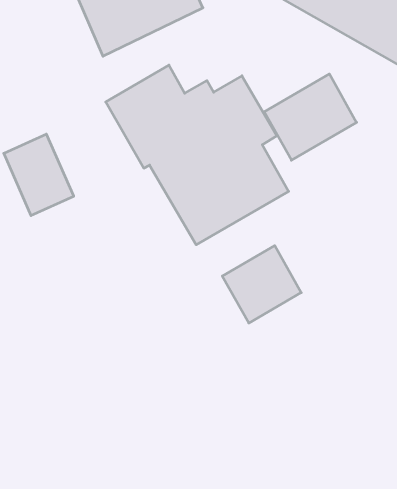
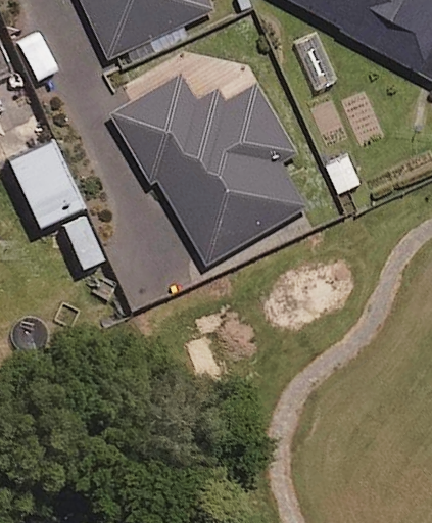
building: [264,74,357,160] -> none
building: [222,246,301,323] -> none

